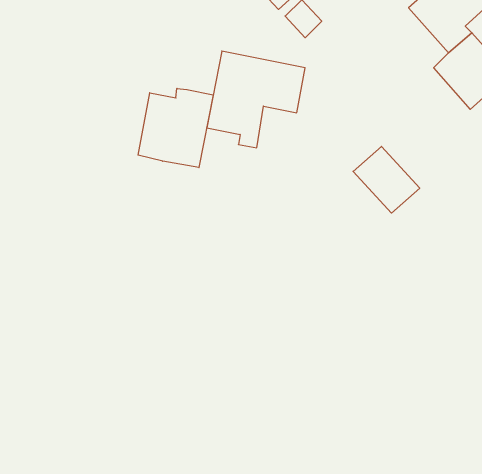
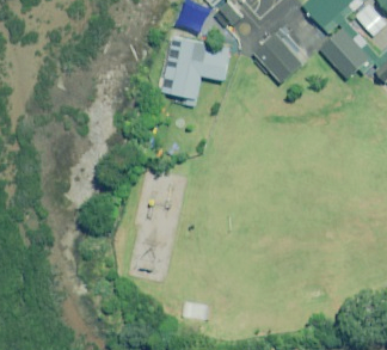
building: [138,88,213,168] -> none
building: [353,146,420,213] -> [254,35,302,82]

